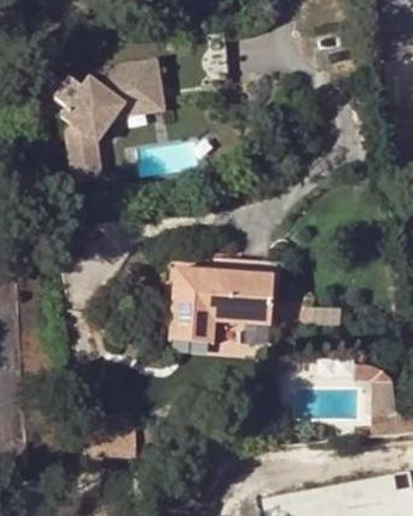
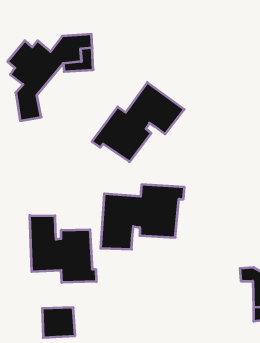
building: none -> [92,82,184,162]
building: none -> [30,215,96,283]

